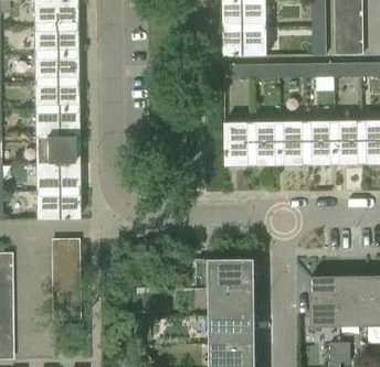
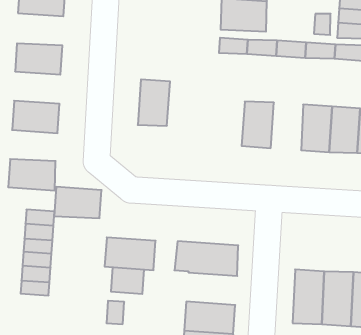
building: [31,54,75,83] -> none
building: [32,109,76,137] -> none
building: [278,121,307,164] -> none
building: [223,122,251,165] -> [138,79,170,126]
building: [33,164,76,192] -> [54,187,102,218]
building: [209,287,255,314] -> [105,237,156,270]

